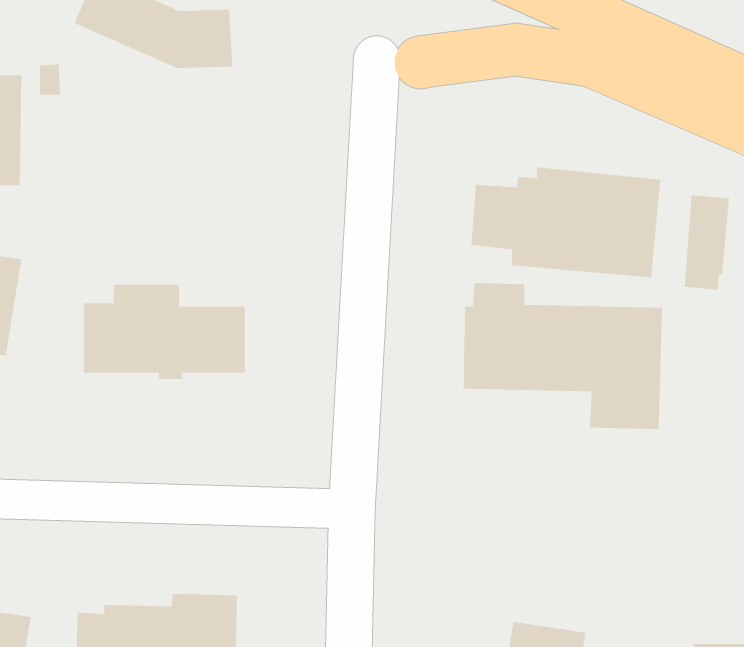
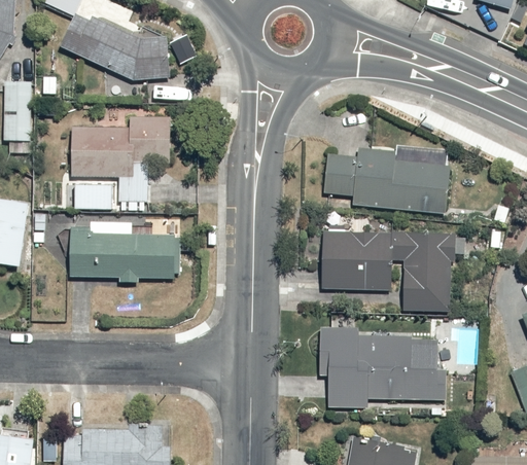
building: none -> [73,116,168,210]
building: [684,195,729,290] -> none
building: none -> [320,326,451,407]

